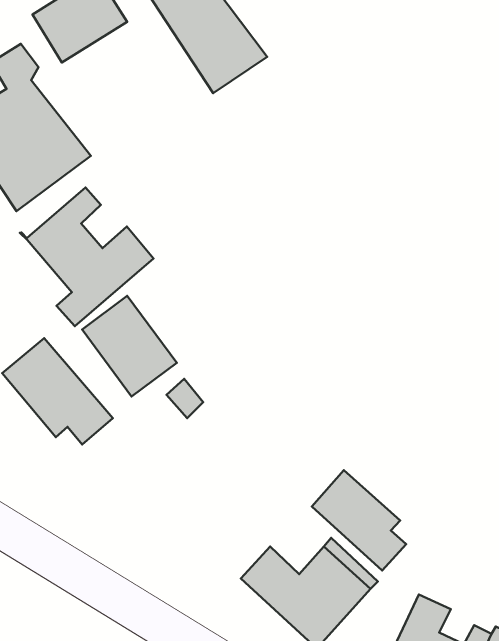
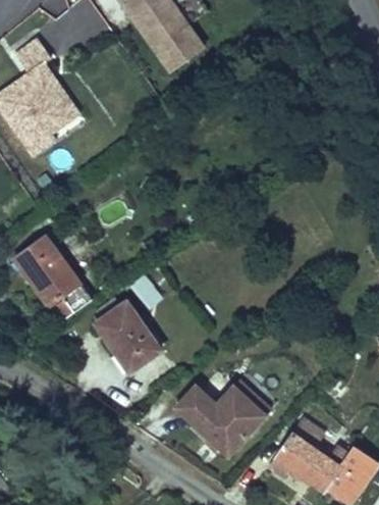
building: [20,188,154,326] -> none
building: [82,296,177,396] -> [100,303,166,373]
building: [312,470,406,571] -> none

